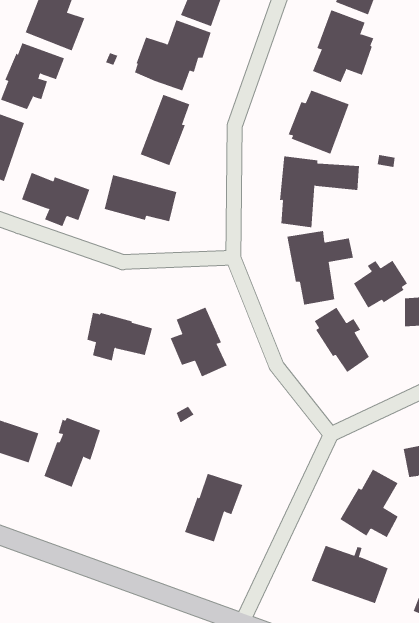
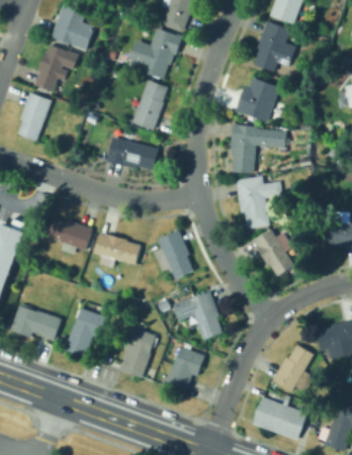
building: [21,172,90,227] -> [45,216,93,255]
building: [353,260,408,309] -> none
building: none -> [173,291,224,340]
building: none -> [121,327,156,378]

